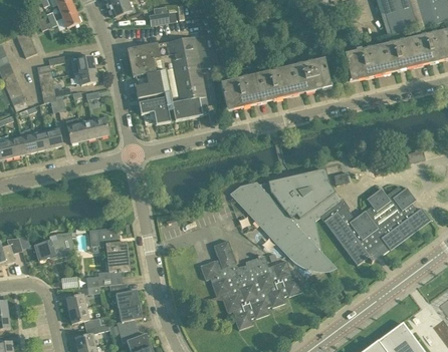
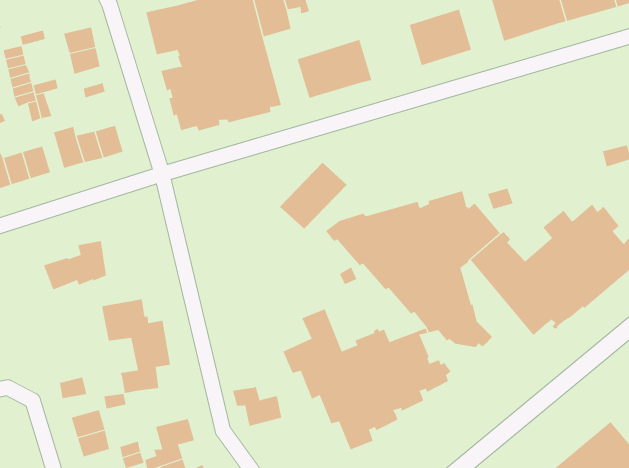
building: [260,66,297,99] -> none
building: none -> [279,162,348,230]
building: [34,231,73,260] -> [43,241,107,290]
building: [108,282,139,307] -> [232,386,282,426]

